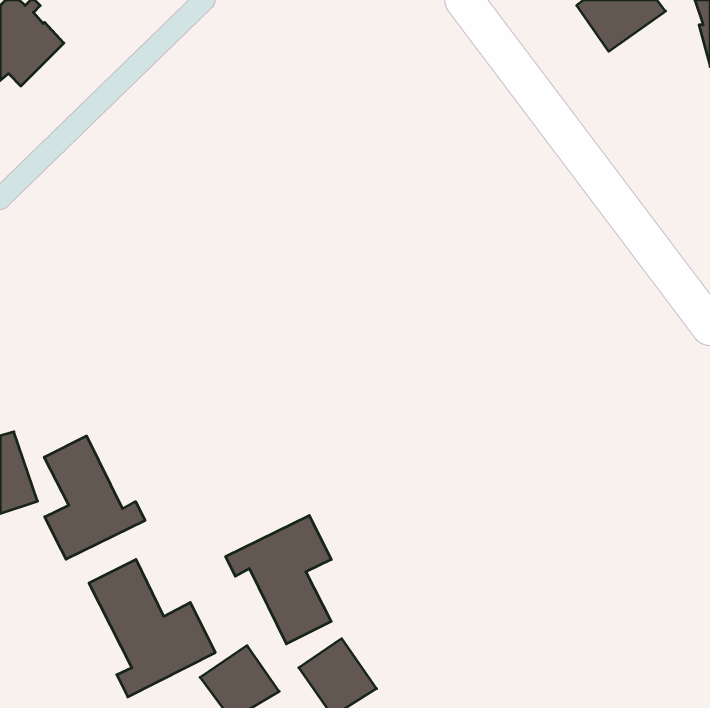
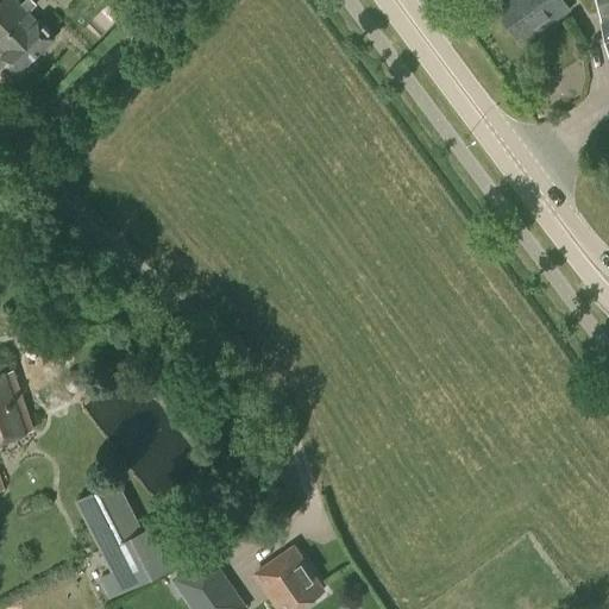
building: [44,436,145,559] -> none
building: [226,515,331,644] -> none

